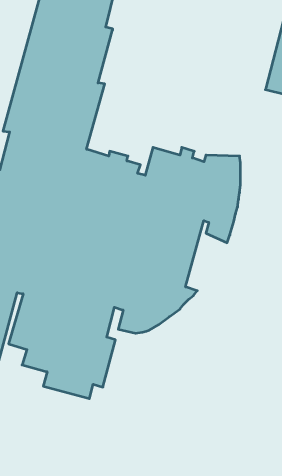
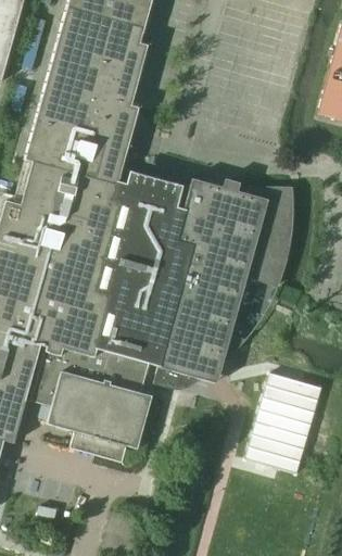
building: none -> [244,371,321,472]

